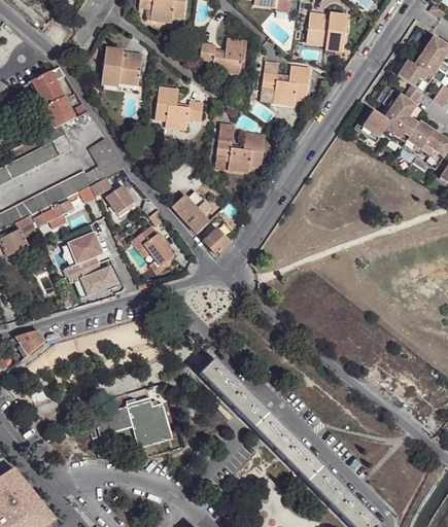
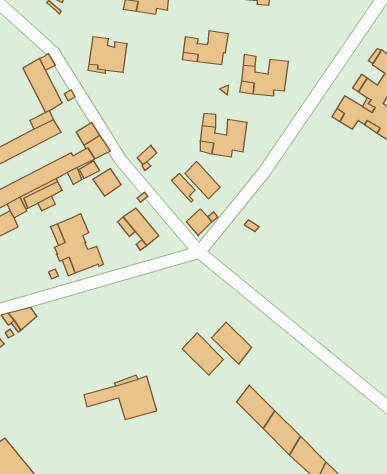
building: [308,14,348,47] -> none
building: [153,86,202,128] -> none
building: [172,194,209,233] -> [185,162,220,199]
building: [227,384,269,428] -> [211,322,252,364]

